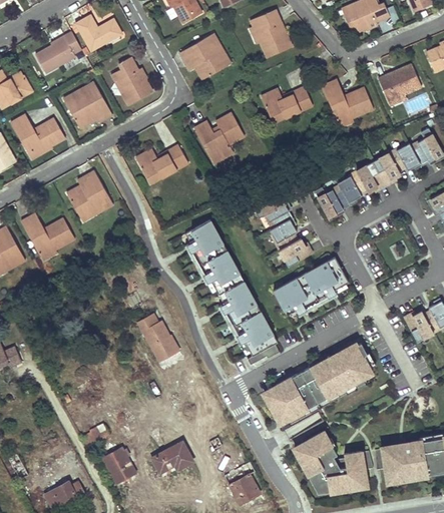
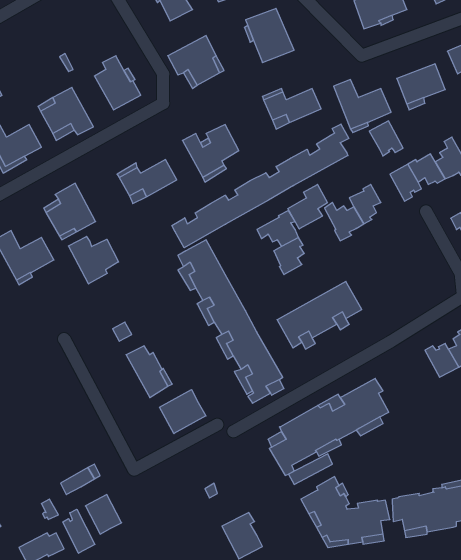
building: [76,14,121,50] -> none
building: [33,32,79,73] -> none
building: none -> [172,124,349,248]
building: [357,161,387,192] -> [369,121,403,156]
building: none -> [288,184,327,229]
building: none -> [68,236,119,284]
building: [280,238,313,267] -> none
building: none -> [160,390,206,434]
building: [152,441,192,471] -> none
building: none -> [63,509,95,553]

